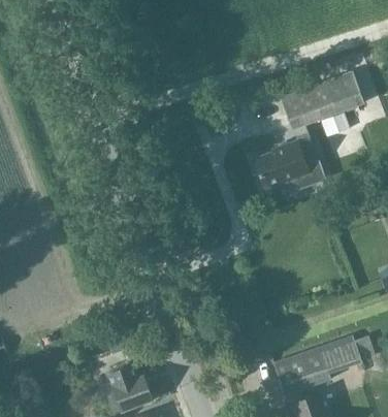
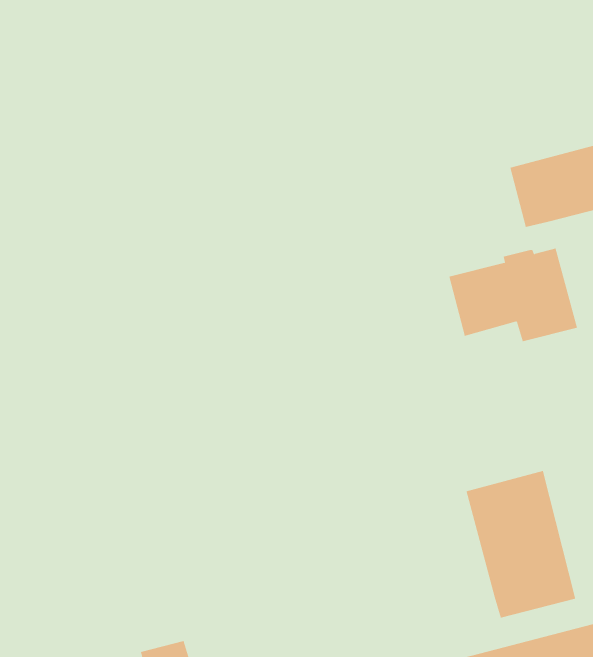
building: none -> [466,470,576,619]

